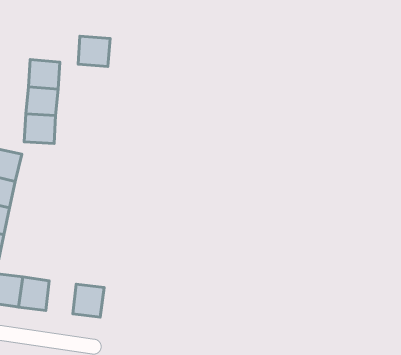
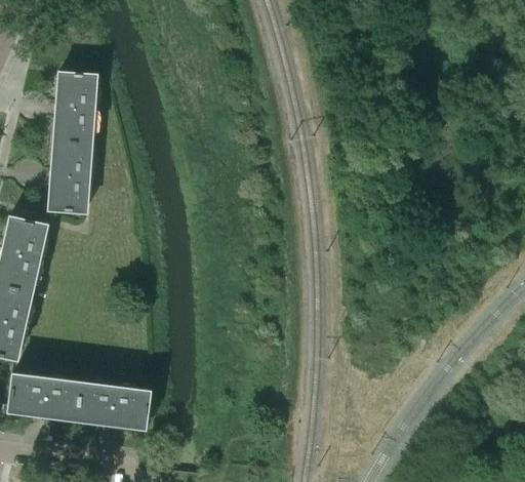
building: [78,36,110,67] -> [56,73,96,111]
building: none -> [76,384,114,425]

